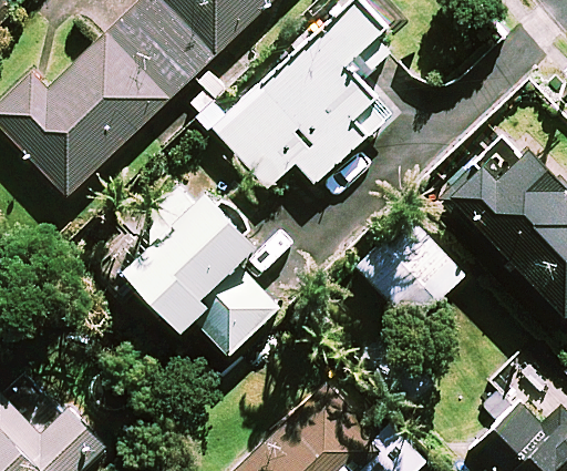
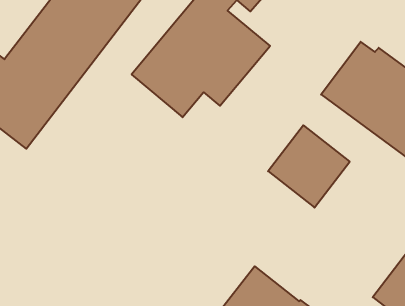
building: [122,191,276,358] -> none

